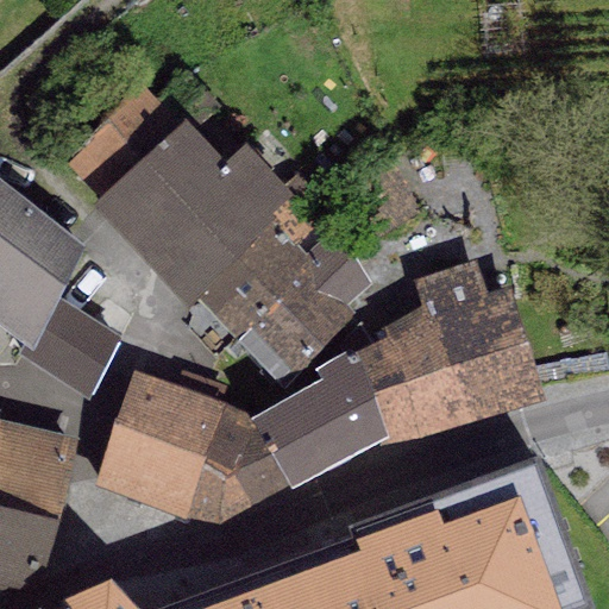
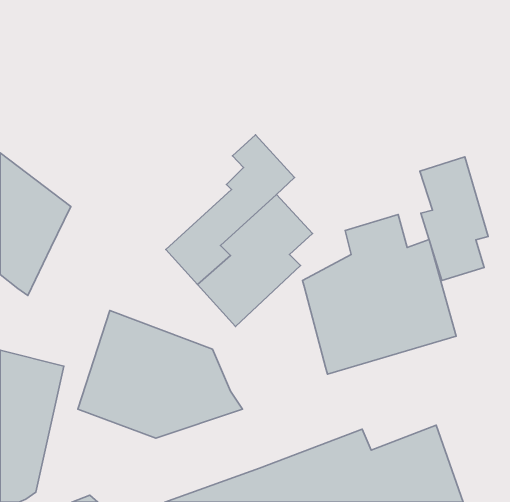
building: [92,124,290,309] -> none
building: none -> [420,157,488,280]
building: [14,295,119,397] -> none
building: [253,343,388,488] -> none

